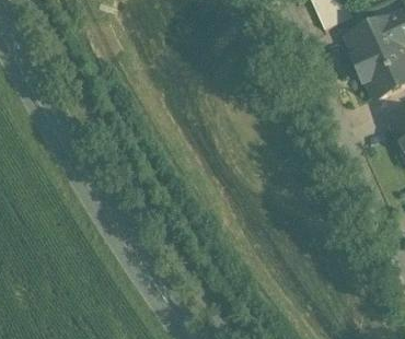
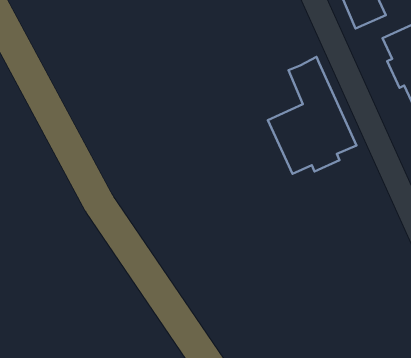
building: none -> [268,57,357,174]

